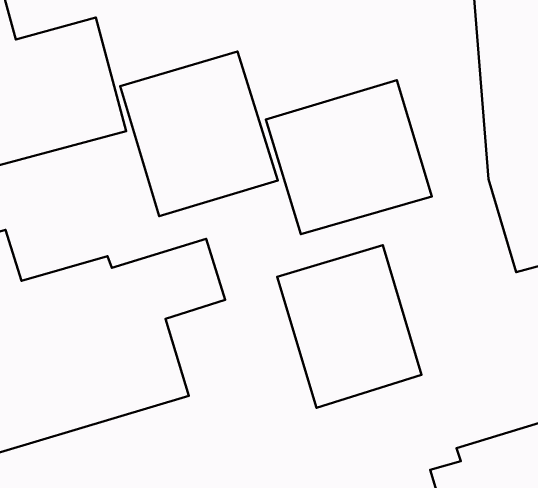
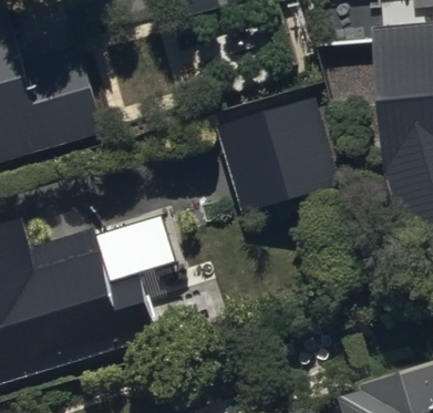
building: [120,51,278,216] -> none
building: [277,245,421,408] -> none

